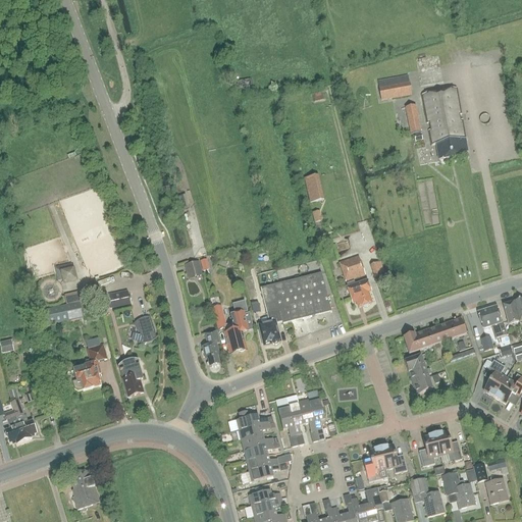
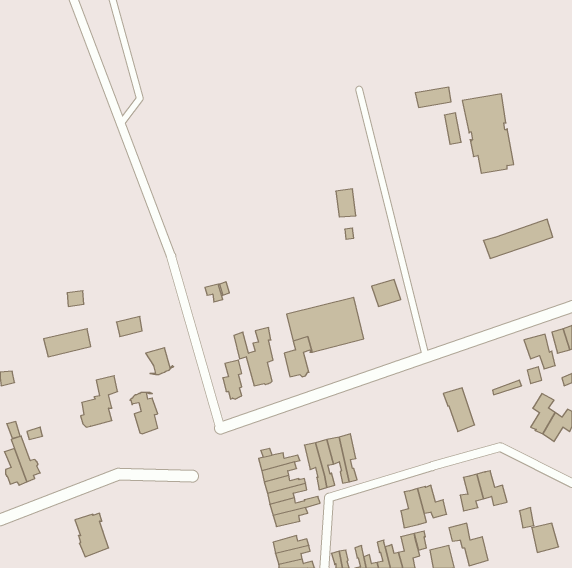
building: [347,278,372,305] -> none
building: [403,316,466,352] -> [483,219,553,258]
building: [441,472,475,508] -> none

